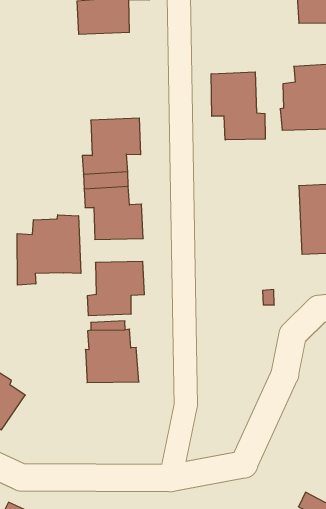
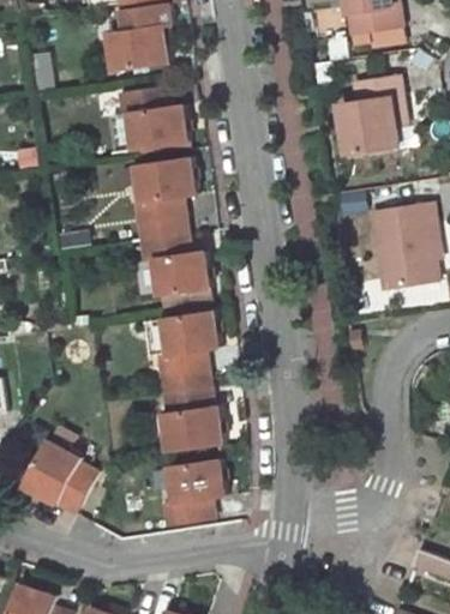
building: none -> [114,77,187,154]
building: [211,72,265,140] -> none
building: [17,215,81,285] -> none
building: none -> [164,462,226,528]

